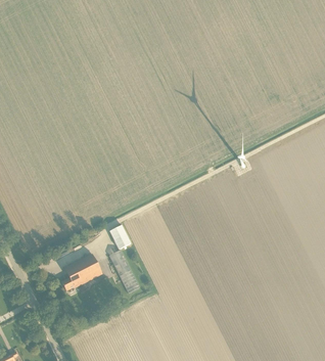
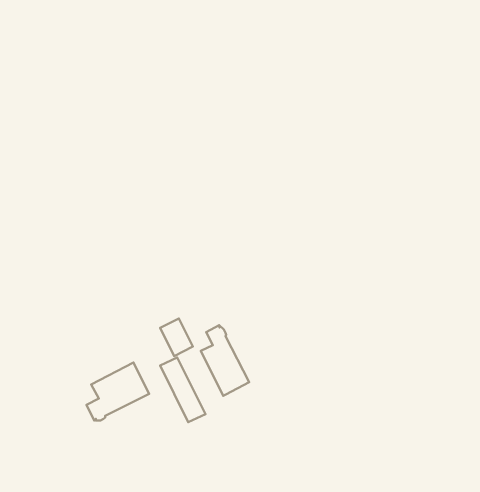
building: none -> [201,325,249,396]

